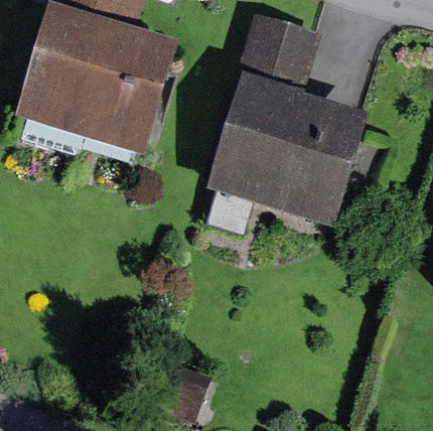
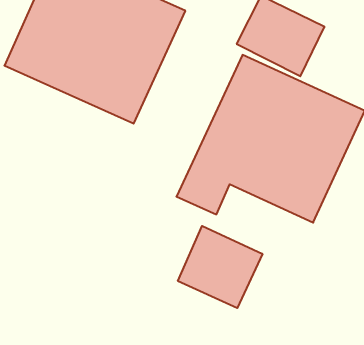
building: none -> [178,226,262,308]

